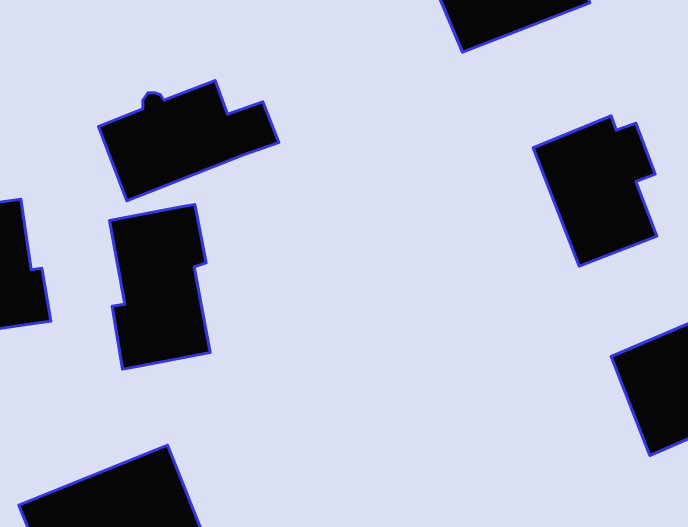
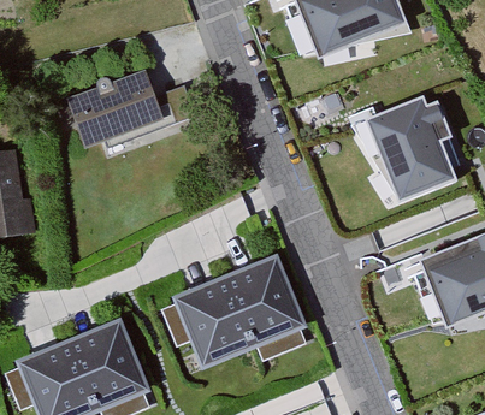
building: [109,205,210,369] -> none
building: none -> [172,256,303,369]

